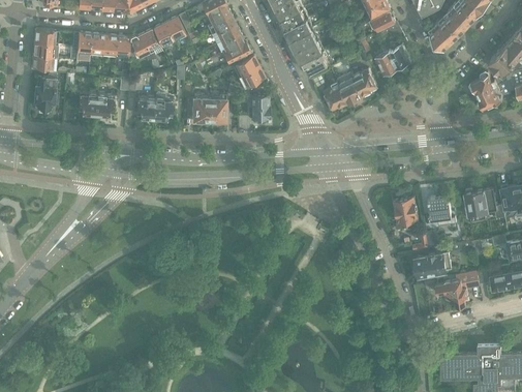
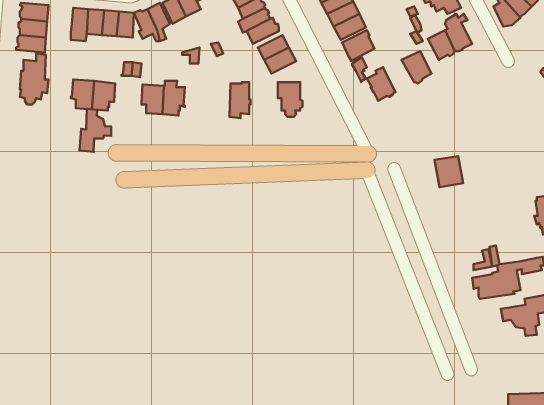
building: [335,73,362,103] -> none
building: [191,94,209,124] -> none
building: none -> [79,109,111,152]
building: [426,197,455,227] -> none
building: [393,198,417,223] -> [434,156,463,187]

